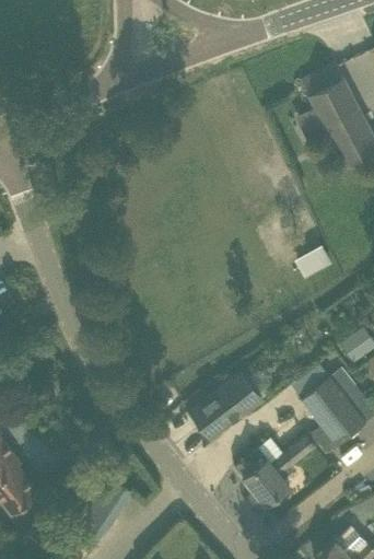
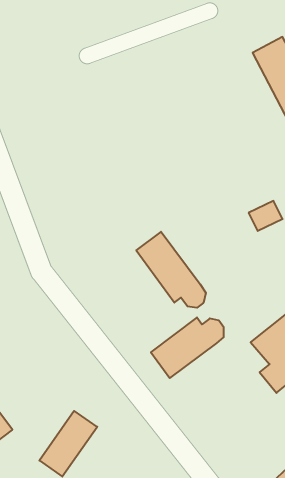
building: none -> [136,232,206,308]
building: [234,438,314,508] -> none

